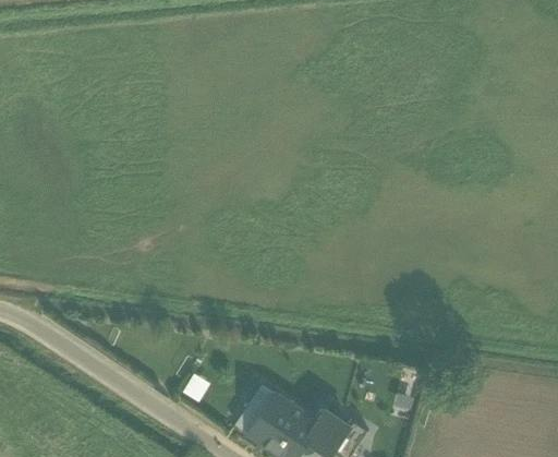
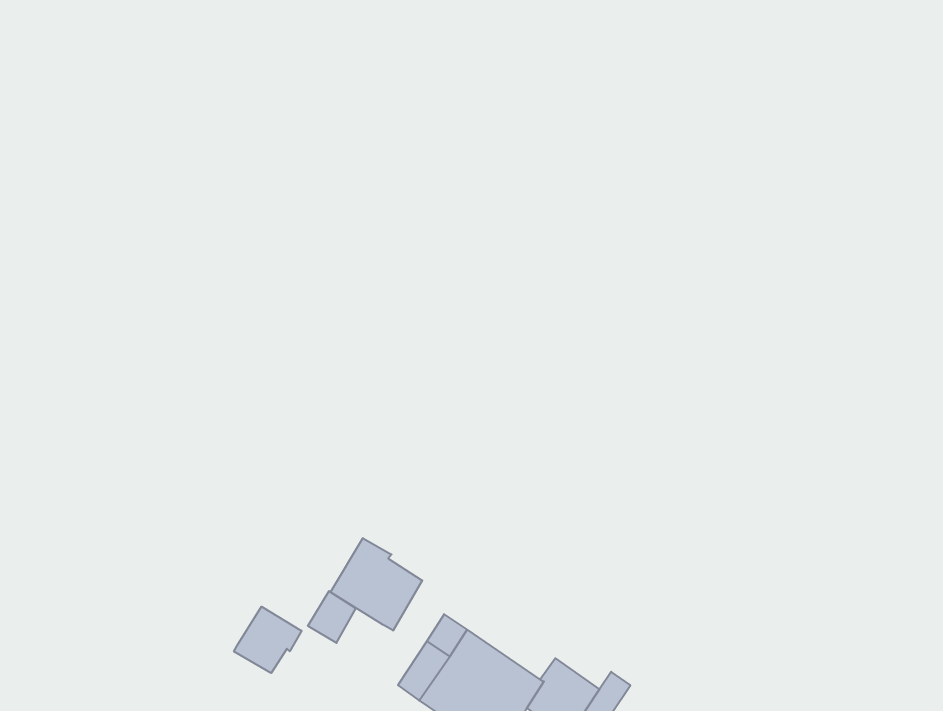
building: none -> [330,538,422,631]
building: none -> [234,607,302,673]

